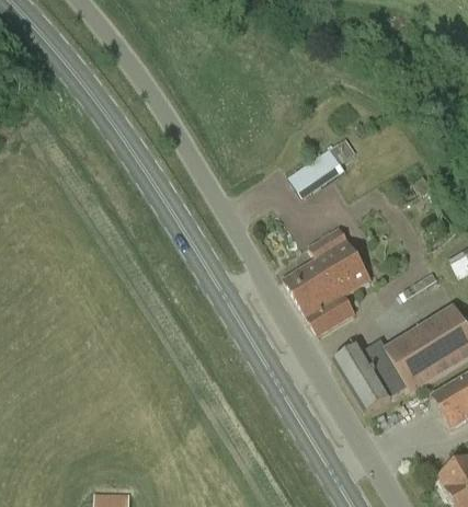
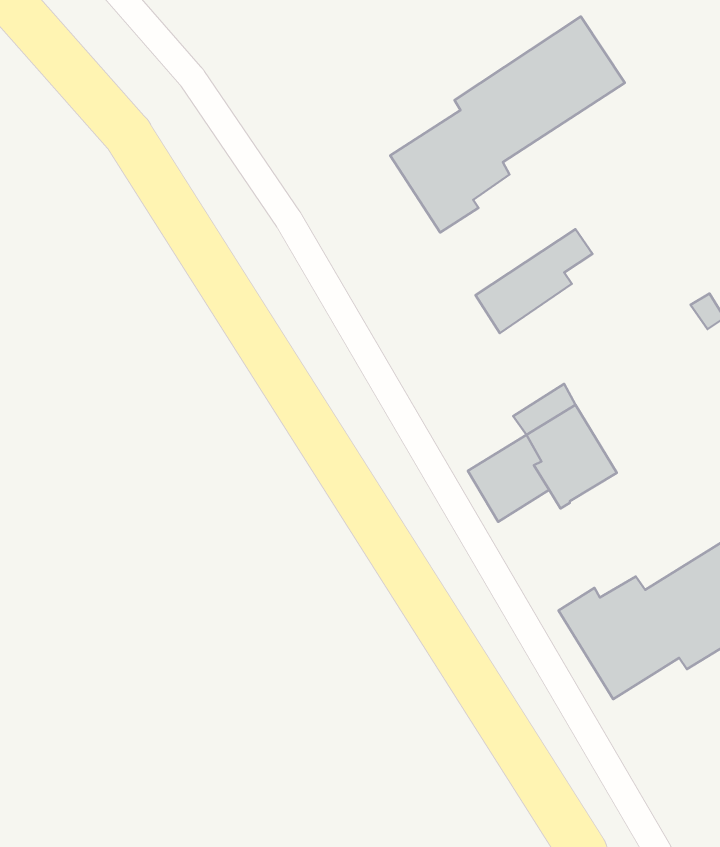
building: none -> [390,16,625,232]
building: [301,288,354,334] -> none

